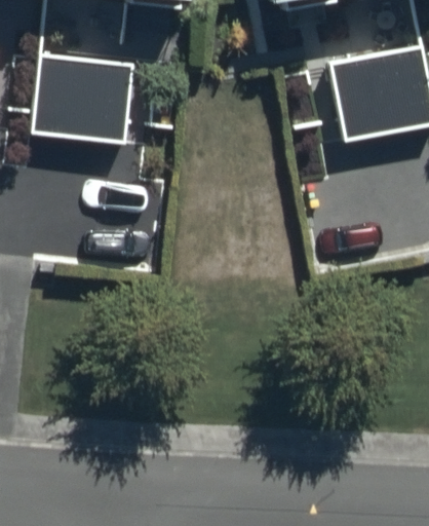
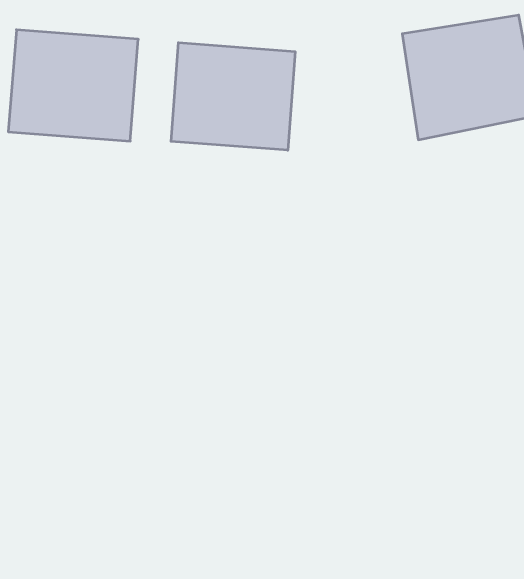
building: none -> [171,43,295,150]

